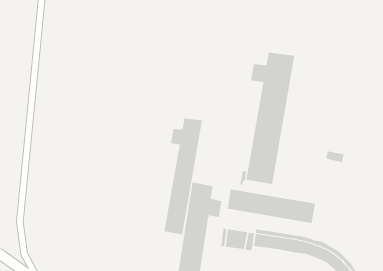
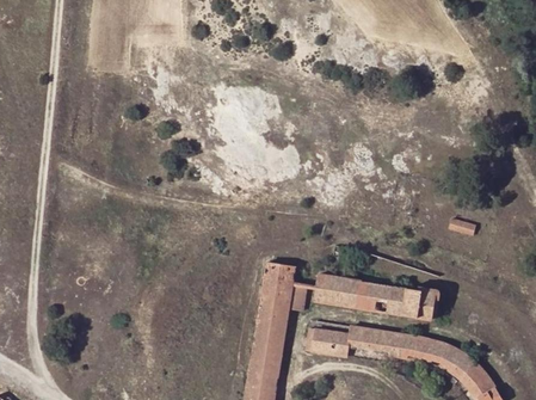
building: [246,52,295,185] -> none
building: [164,117,202,235] -> none

